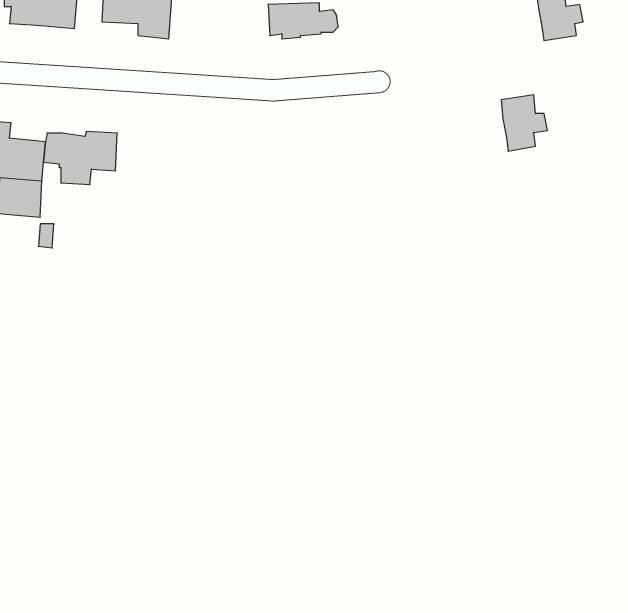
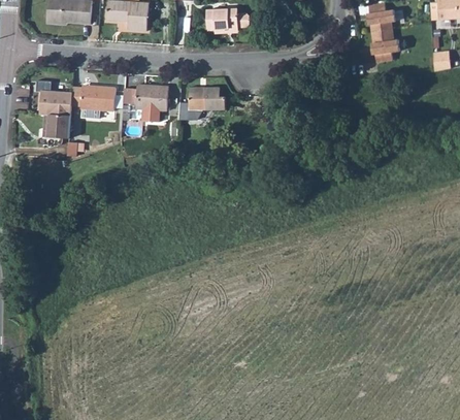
building: [501,95,547,151] -> [371,29,399,63]
building: none -> [122,85,167,122]
building: none -> [177,87,225,120]

